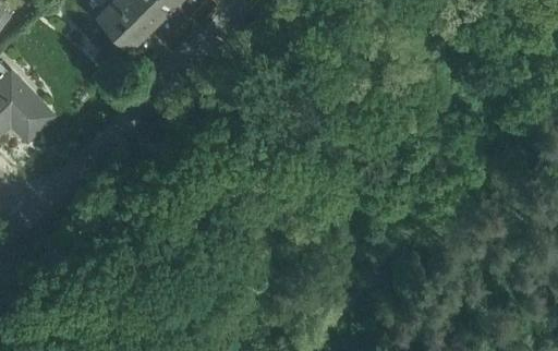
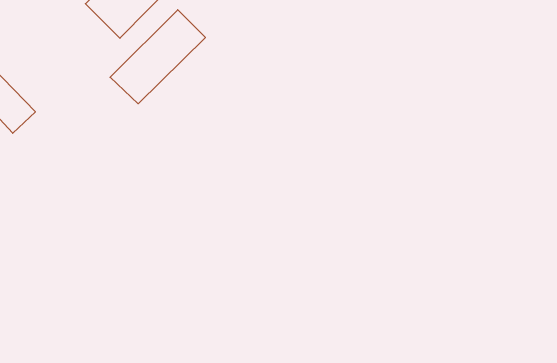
building: none -> [110,10,205,104]

